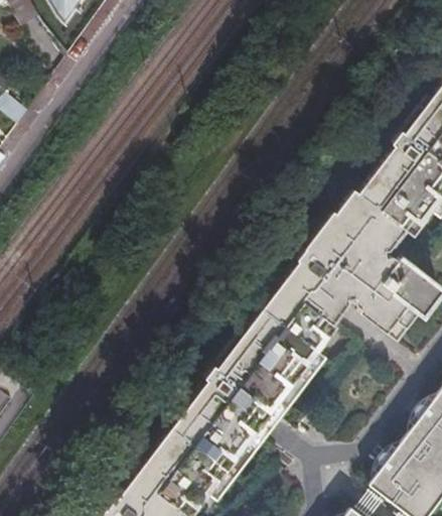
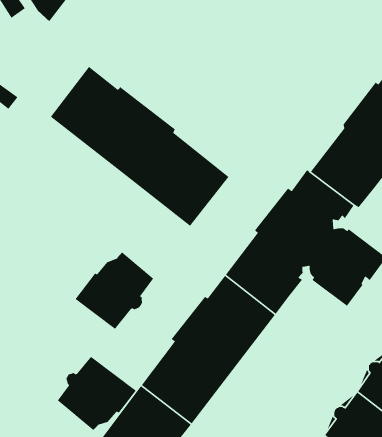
building: none -> [50,66,229,227]
building: none -> [75,252,154,330]
building: none -> [57,356,137,431]

